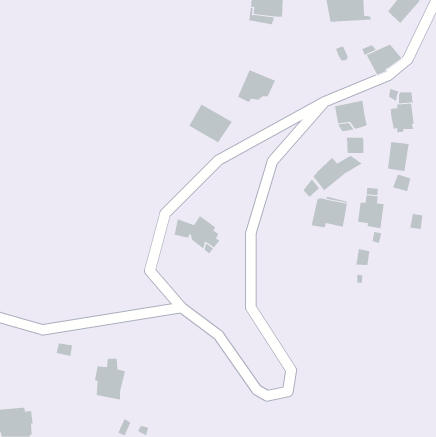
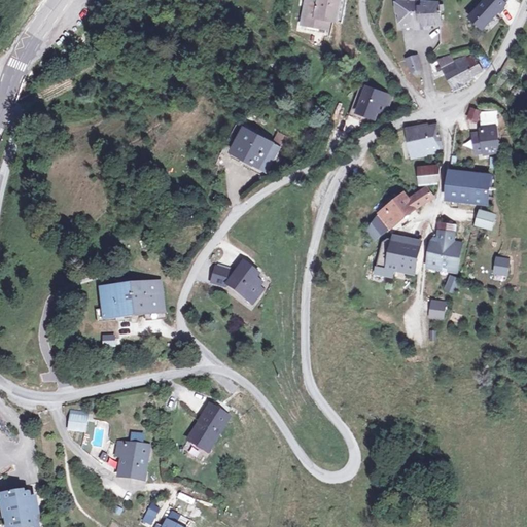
building: [237,69,276,103] -> [347,81,393,121]
building: none -> [443,168,469,207]
building: none -> [97,277,164,320]
building: none -> [185,399,232,452]

